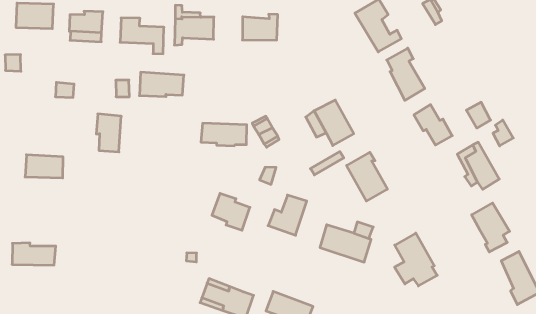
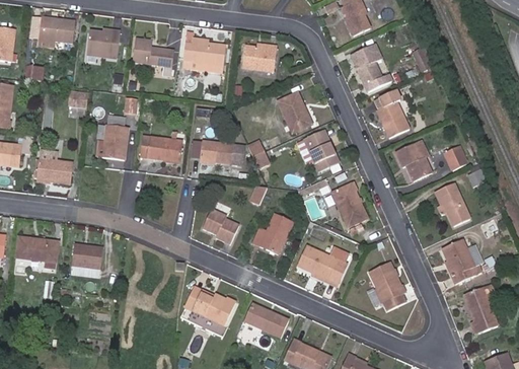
building: none -> [280,92,315,134]
building: [139,72,184,97] -> [139,137,181,161]
building: none -> [68,242,113,270]

